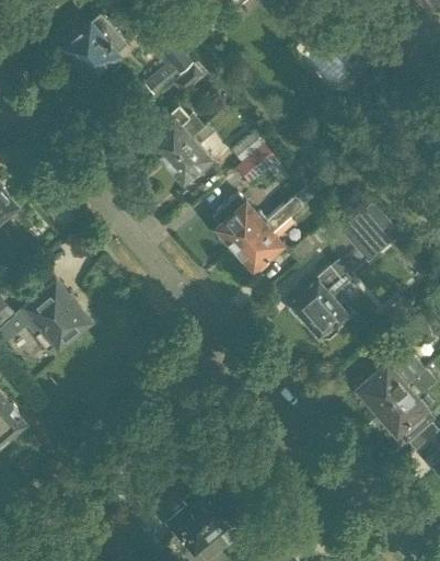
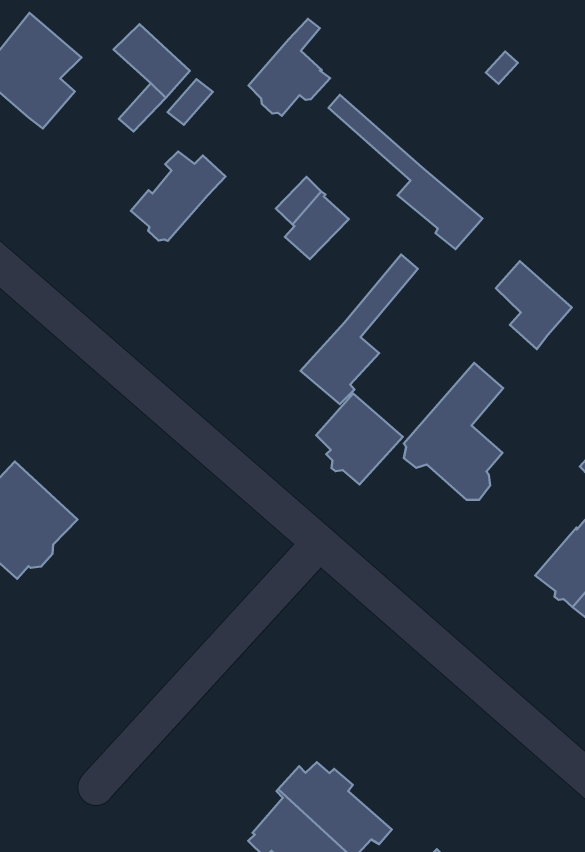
building: none -> [328,95,483,249]
building: [165,128,215,184] -> [248,19,330,116]
building: [212,196,264,251] -> [316,394,403,485]

